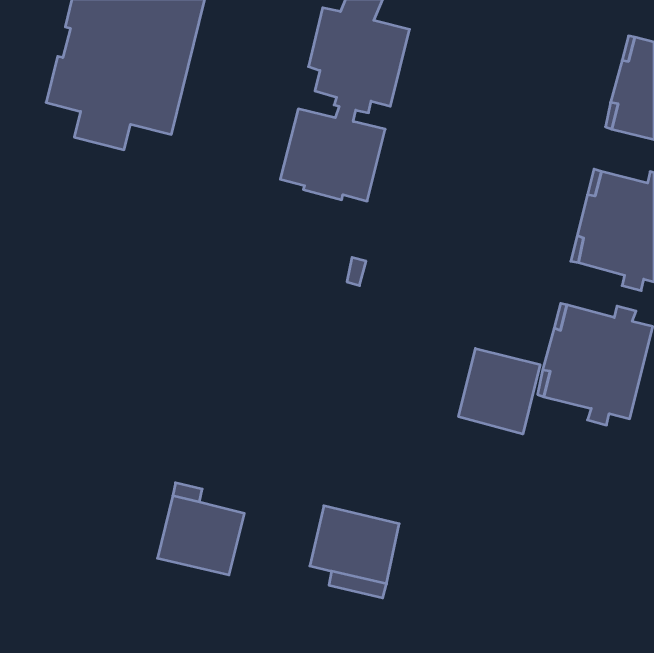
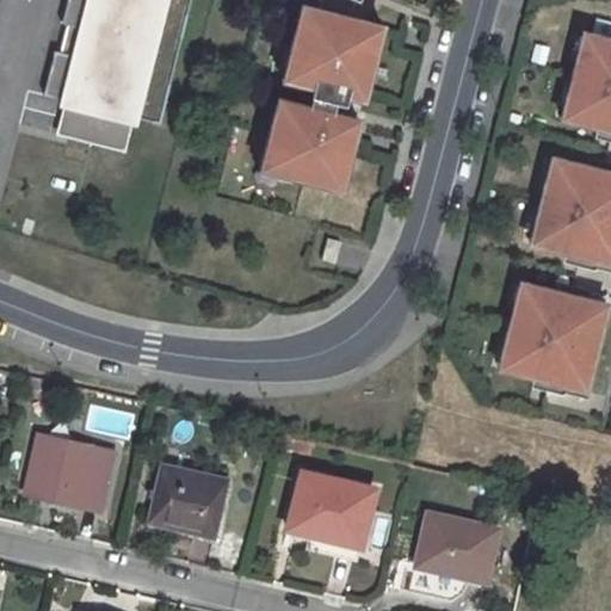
building: [459,348,540,434] -> none
building: none -> [24,433,113,510]
building: none -> [416,512,499,580]

